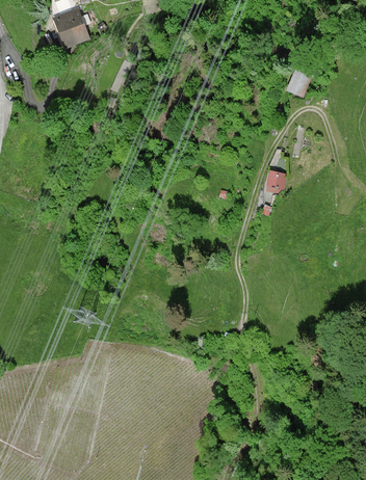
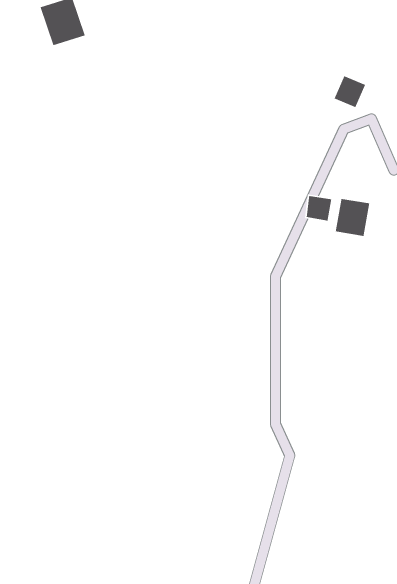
building: none -> [335,198,370,237]

